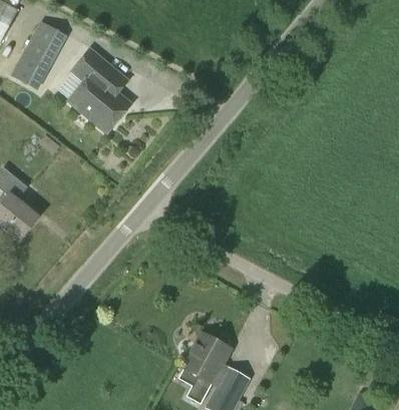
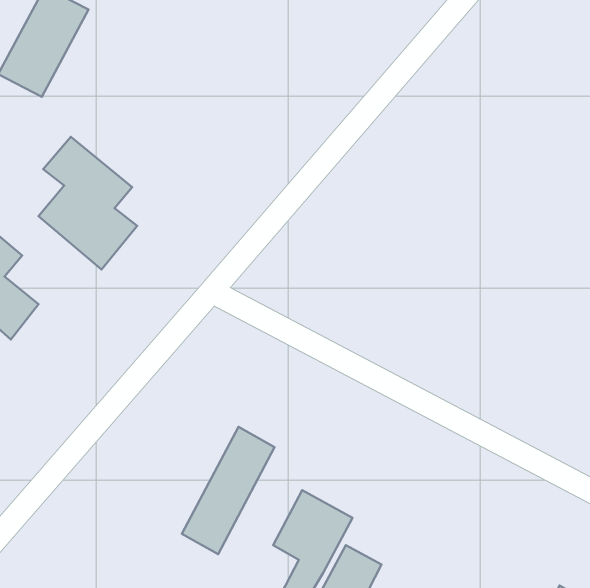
building: [68,49,129,131] -> [38,137,137,270]
building: none -> [182,427,275,554]

